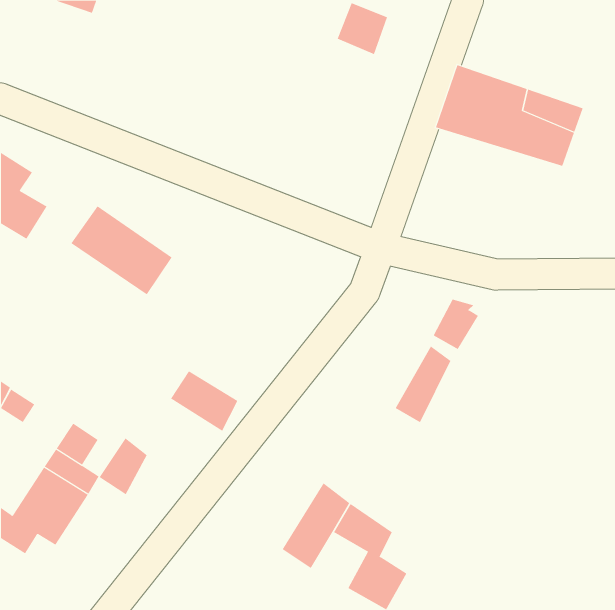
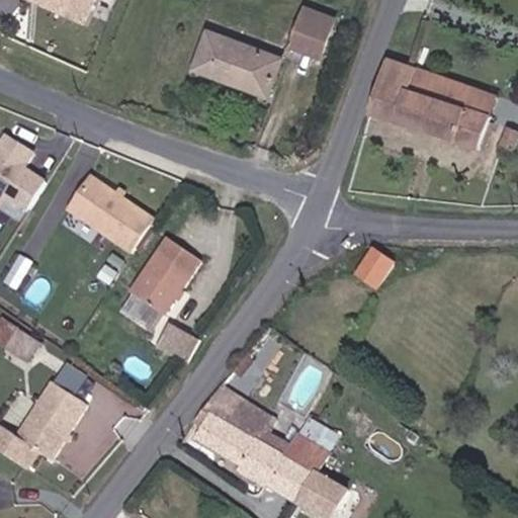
building: none -> [188,20,274,88]
building: none -> [122,240,190,313]
building: [395,345,451,423] -> none
building: [99,438,148,495] -> none
building: none -> [197,381,274,461]
building: none -> [264,452,311,499]

